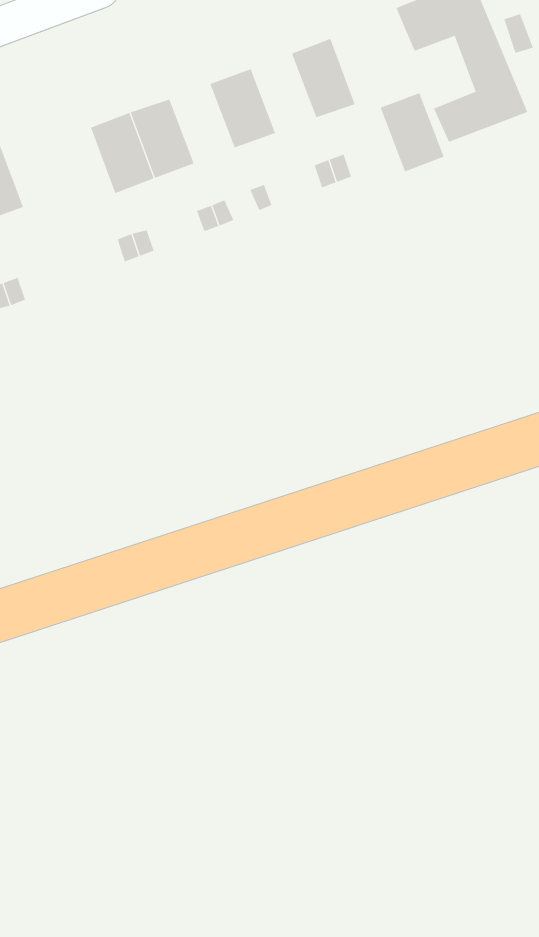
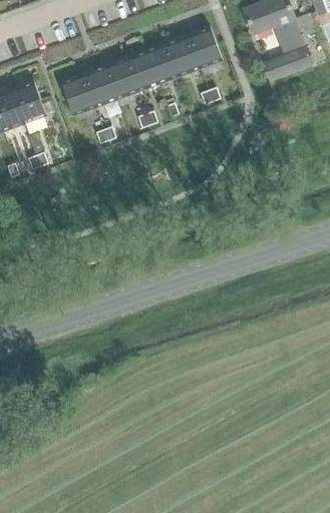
building: none -> [123,50,157,92]
building: [380,92,444,172] -> [167,34,201,76]
building: none -> [60,73,94,116]

